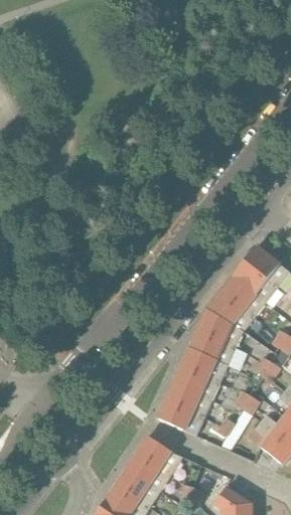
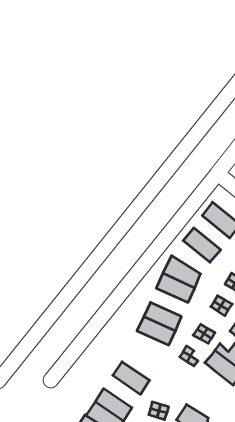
building: [233,261,278,302] -> none
building: [207,291,254,331] -> none
building: [182,348,228,382] -> none
building: [158,399,204,435] -> none
building: [126,453,170,492] -> none

